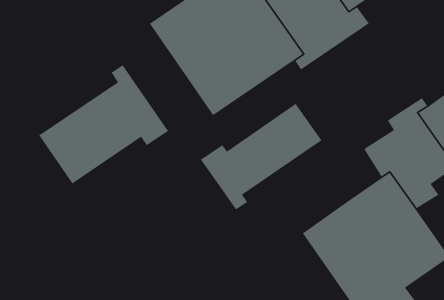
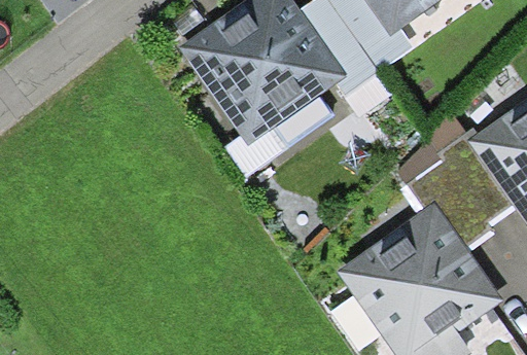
building: [38,64,169,184] -> none
building: [200,103,322,211] -> none

